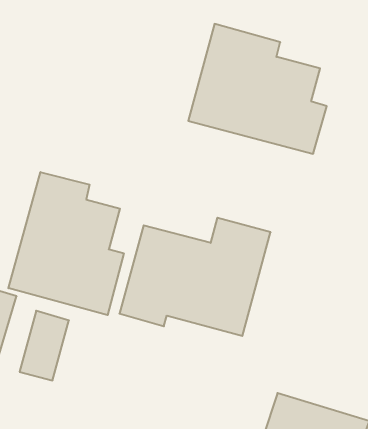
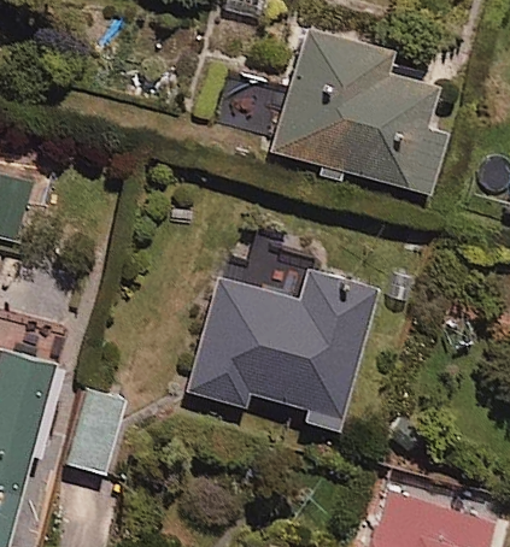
building: [8,172,124,315] -> none

